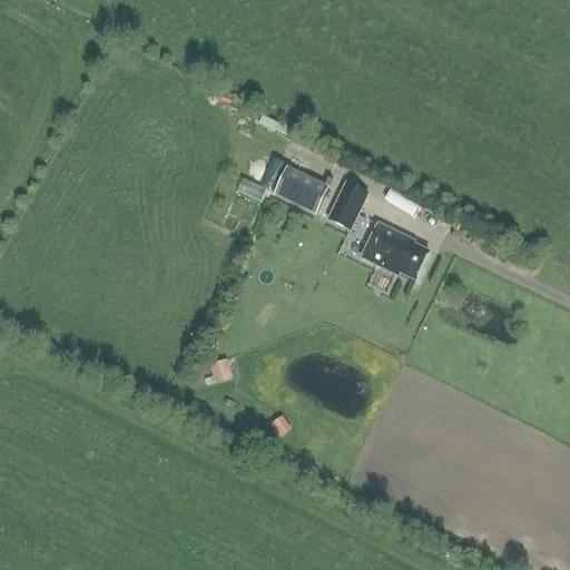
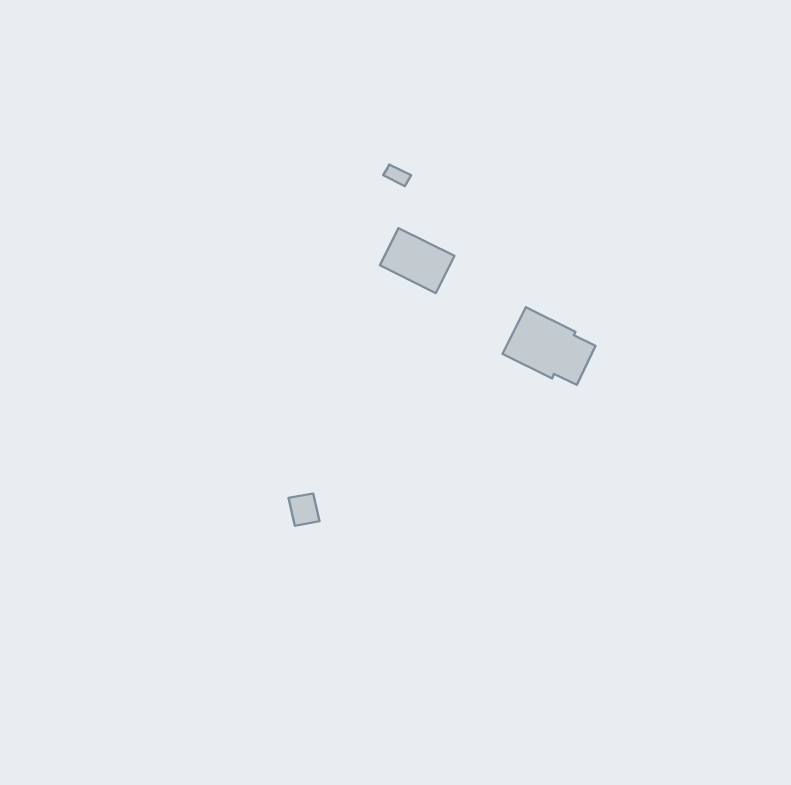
building: [326,178,368,228] -> none

